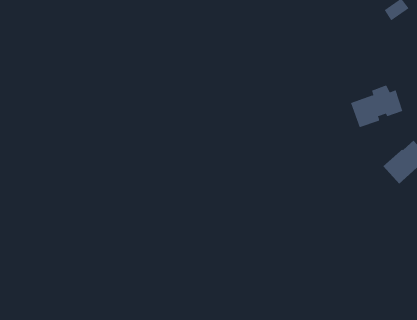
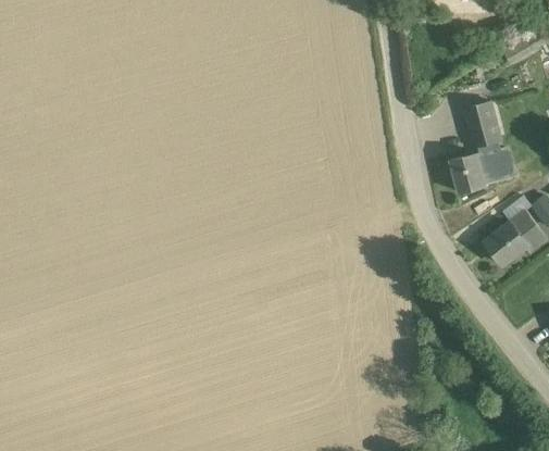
building: none -> [463,100,503,149]

